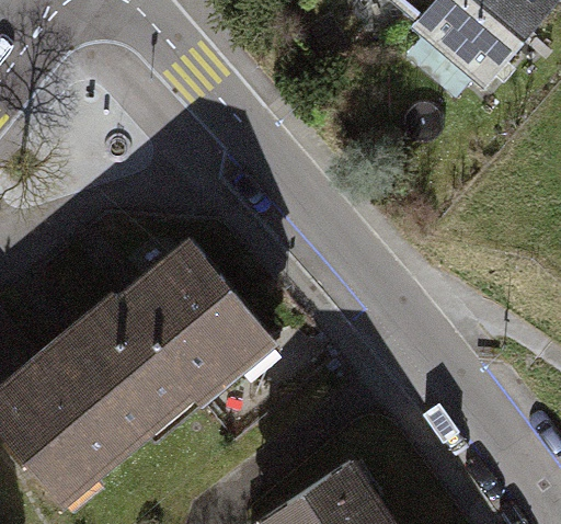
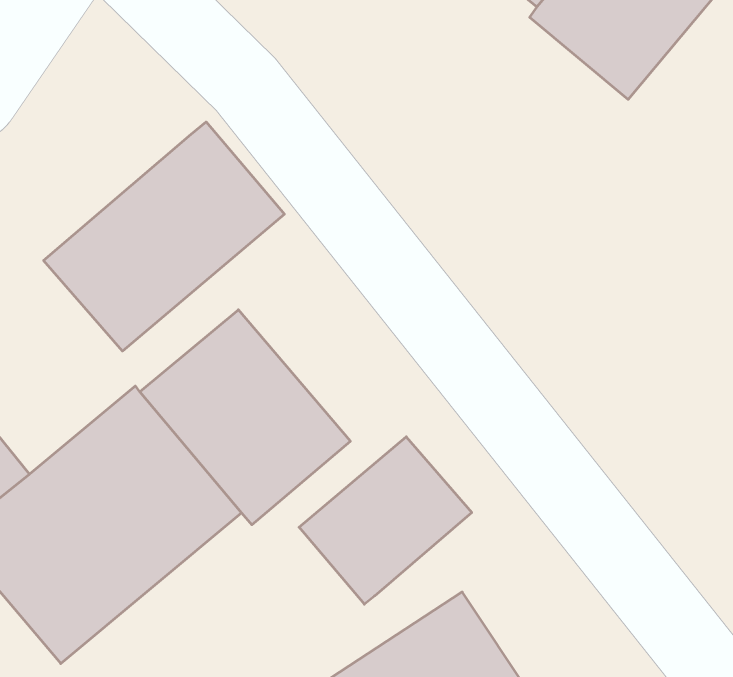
building: none -> [44,122,284,351]
building: none -> [299,437,472,604]

